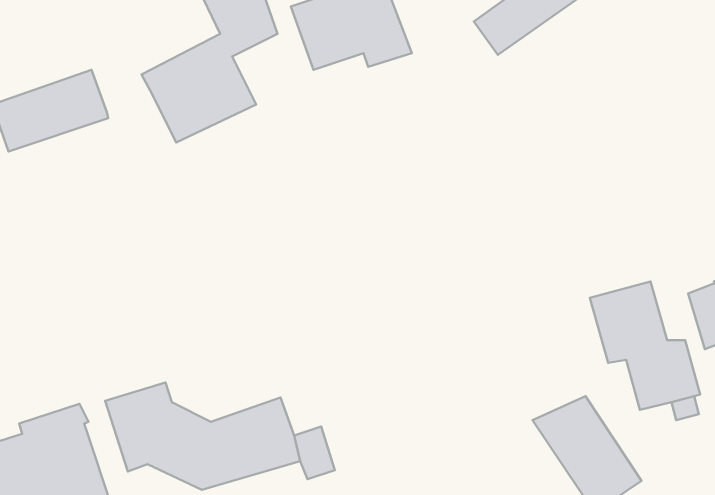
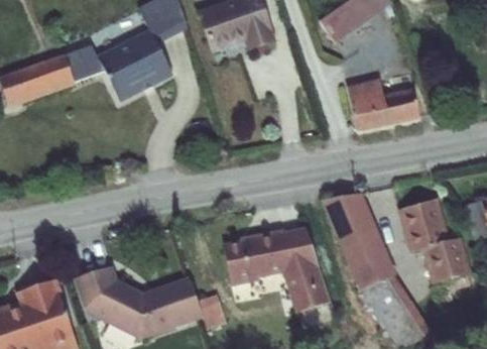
building: none -> [65,44,104,83]
building: none -> [346,80,420,133]
building: none -> [319,191,395,288]
building: none -> [222,224,331,312]

